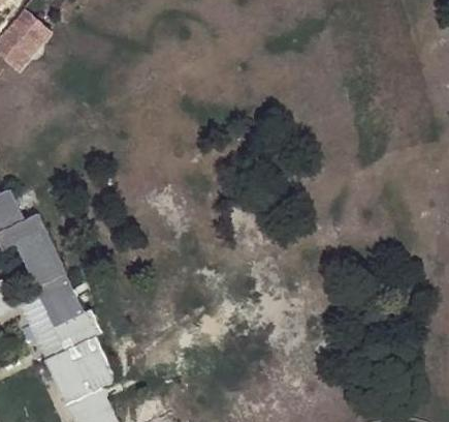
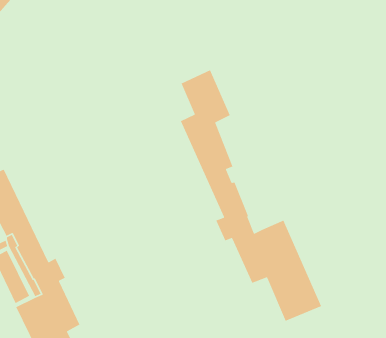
building: none -> [180,69,322,322]

